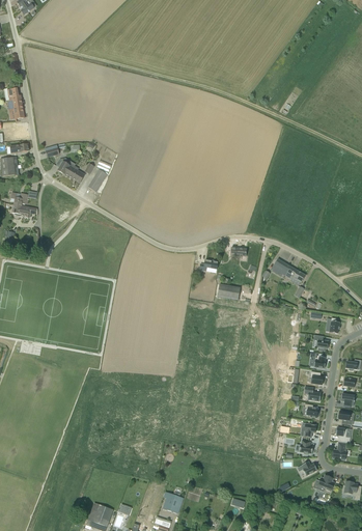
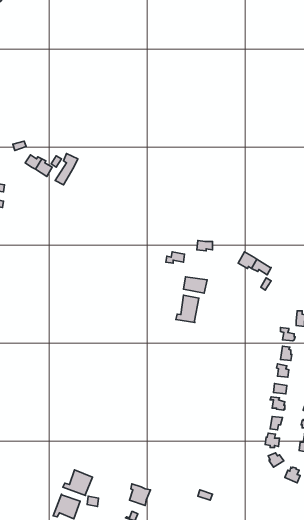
building: none -> [176,295,199,323]
building: none -> [63,470,92,496]

